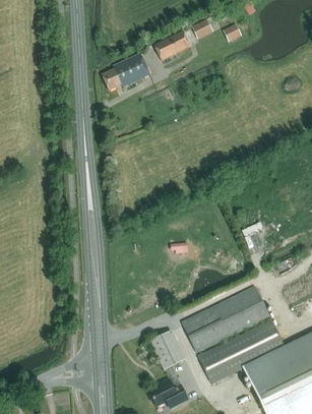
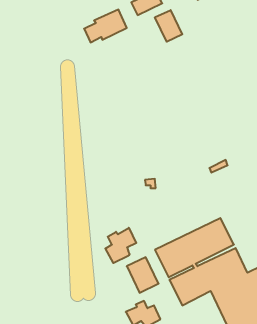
building: none -> [155,10,182,42]
building: none -> [105,228,136,263]

